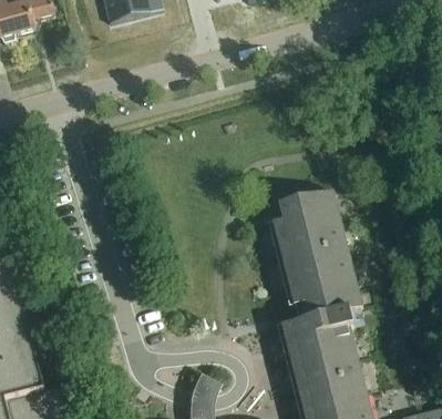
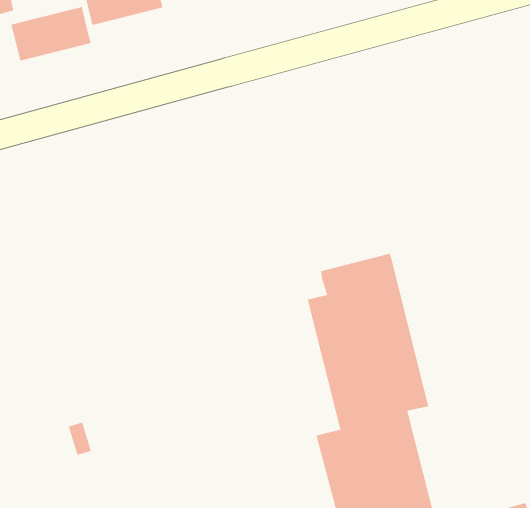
building: none -> [10,6,92,62]

